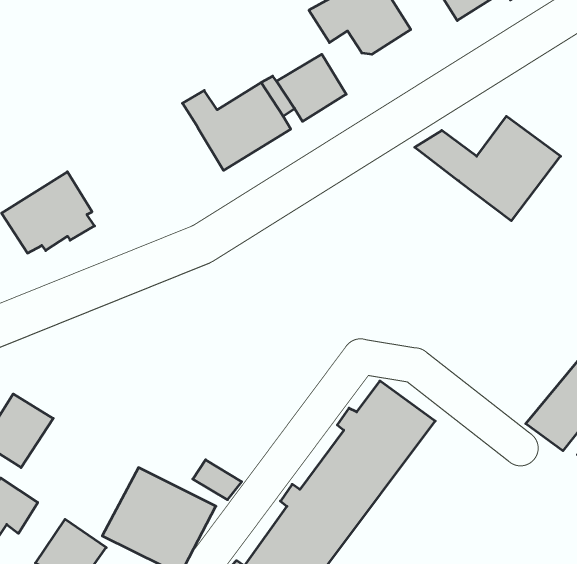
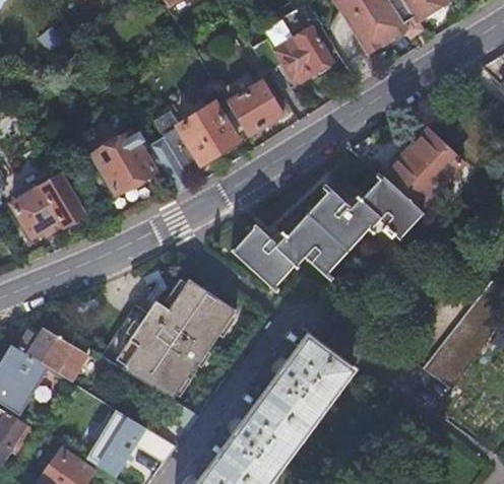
building: none -> [93,132,195,195]
building: none -> [232,180,413,289]
building: none -> [100,281,239,397]
building: none -> [20,327,88,379]

